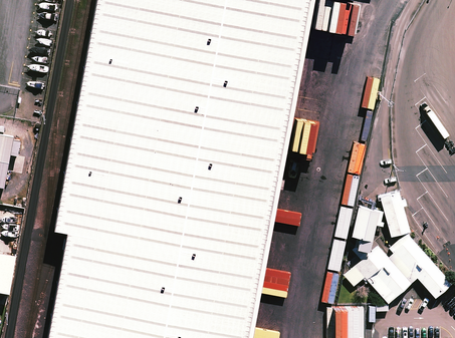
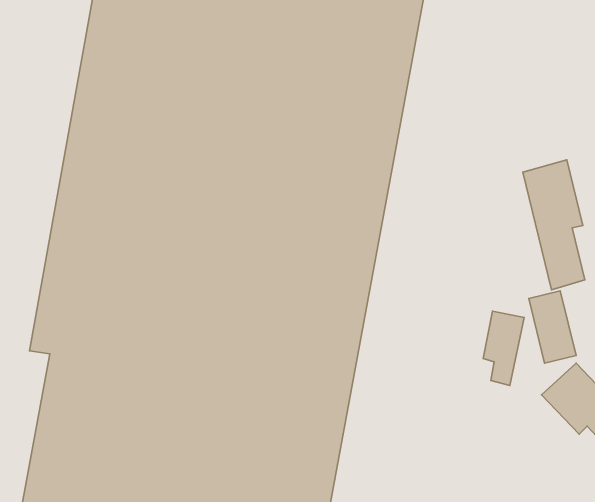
building: none -> [523,160,585,290]
building: [342,245,409,302] -> none

